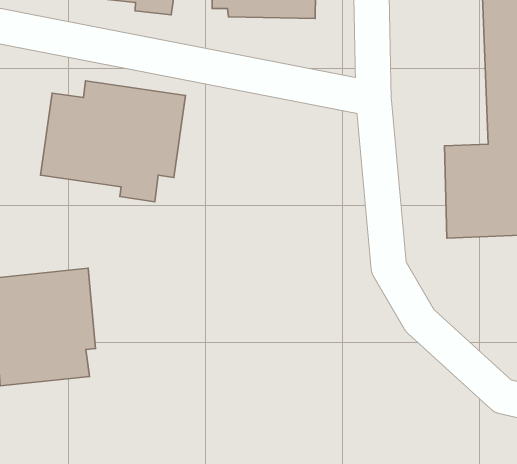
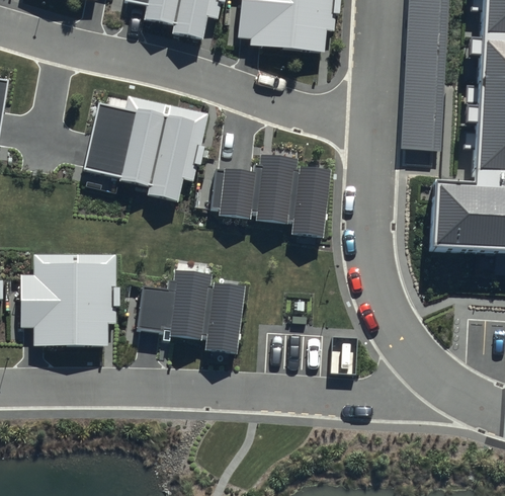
building: none -> [211,154,329,237]
building: none -> [133,269,245,354]

